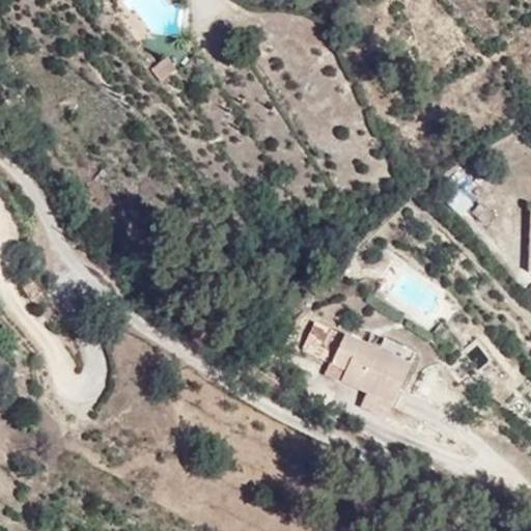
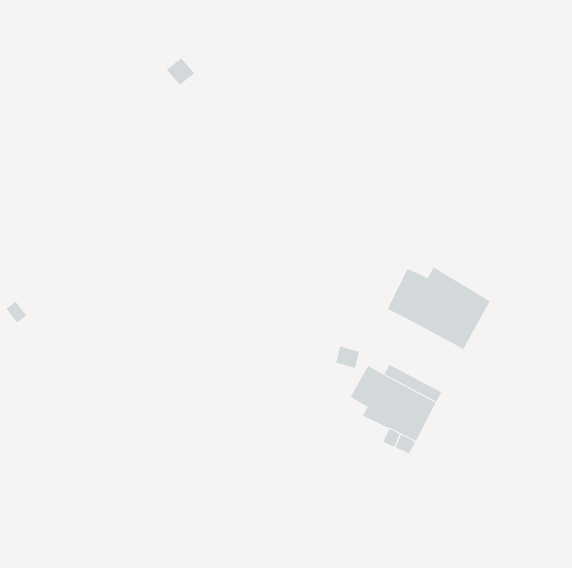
building: none -> [387,267,491,350]

